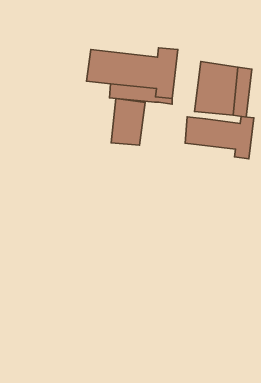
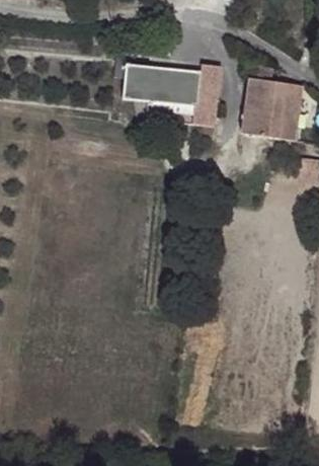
building: [111,98,145,145] -> none
building: [185,117,254,159] -> none

